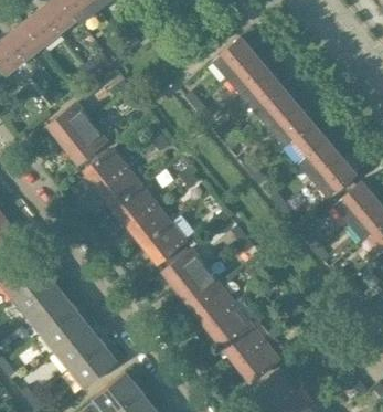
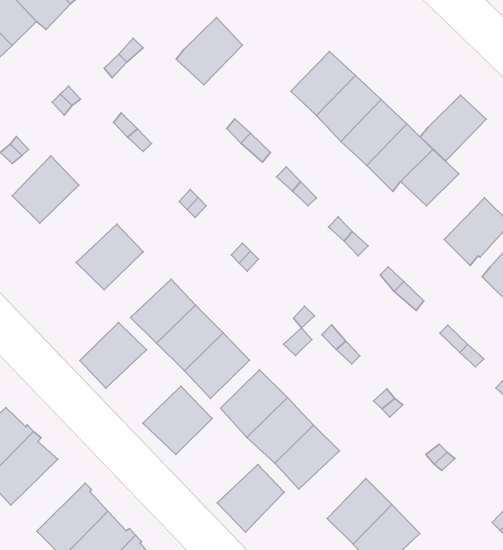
building: [212,38,254,78] -> [176,17,243,85]
building: [64,123,106,162] -> none
building: [298,140,340,180] -> [420,95,486,161]
building: [99,168,141,208] -> [80,322,147,388]
building: none -> [143,386,212,454]
building: [28,290,75,334] -> none
building: [206,304,248,345] -> [217,465,284,532]

